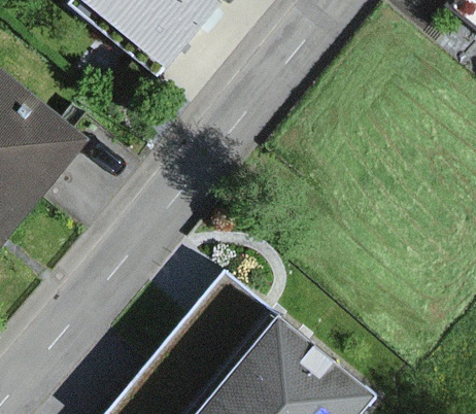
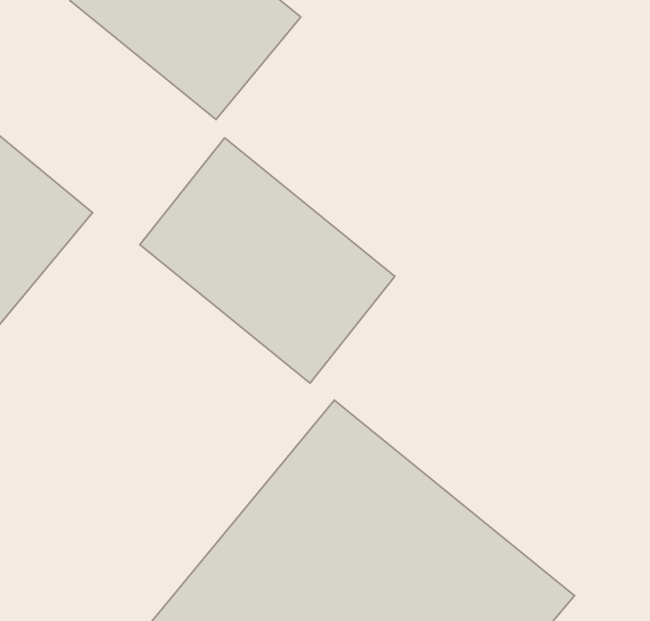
building: none -> [140,138,395,383]

